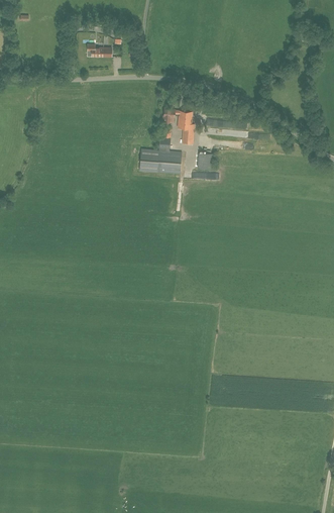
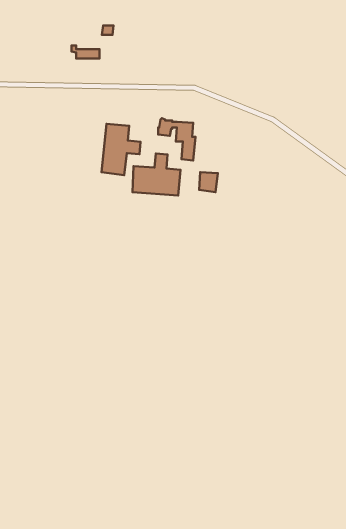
building: none -> [102,124,140,175]

